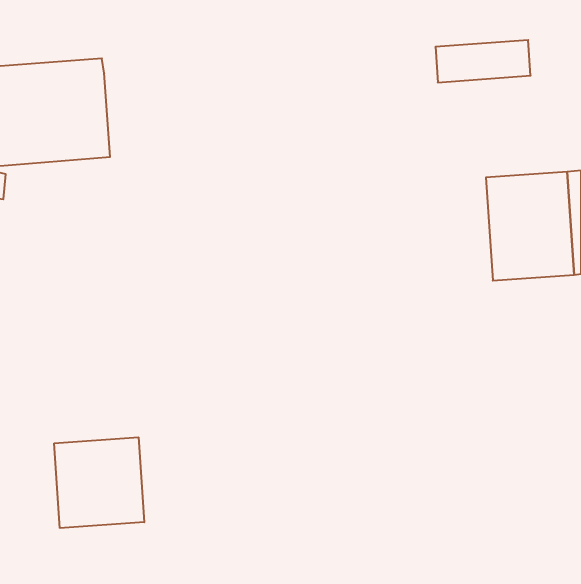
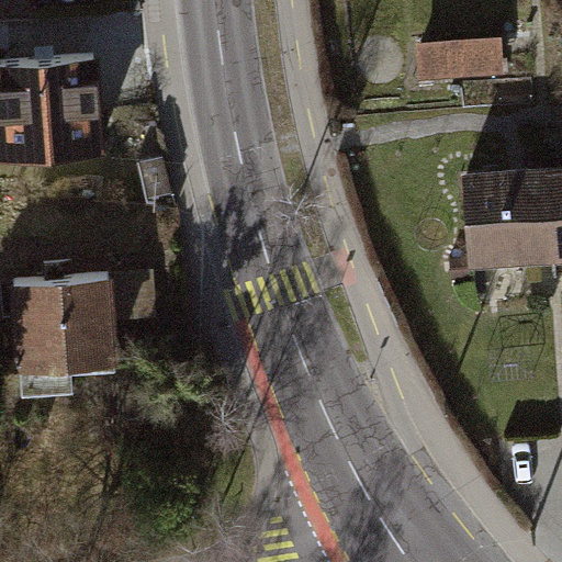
building: none -> [11,279,117,394]
building: [54,437,144,528] -> none

